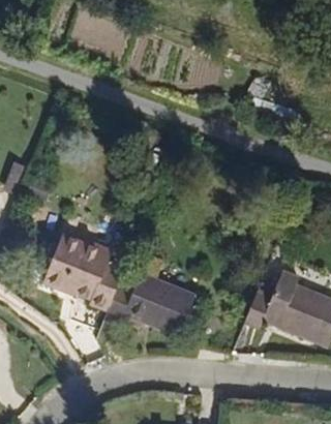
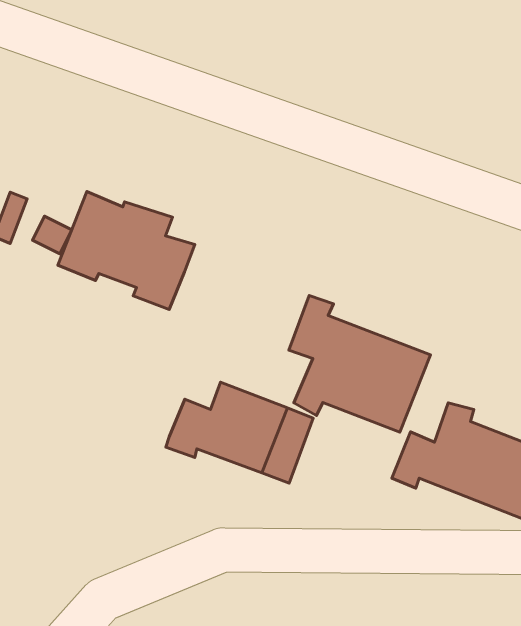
building: none -> [289,296,430,432]
building: [37,233,120,304] -> [58,191,195,310]

